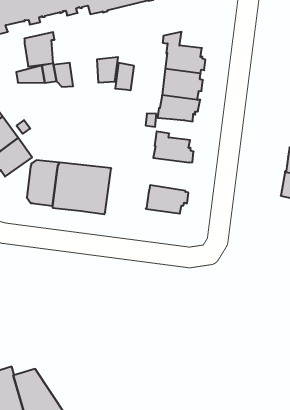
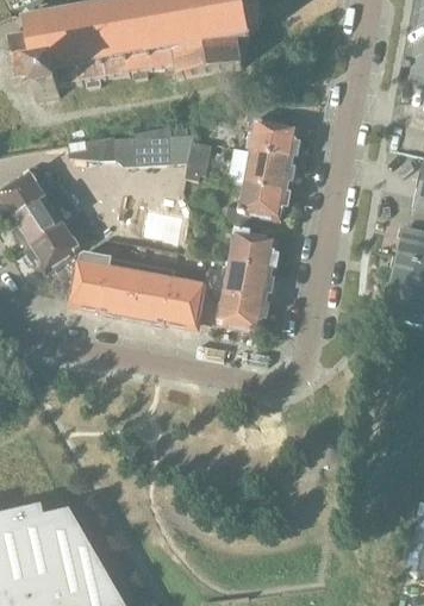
building: [24,32,55,67] -> [132,124,169,164]
building: none -> [222,258,273,301]
building: none -> [164,277,205,326]

